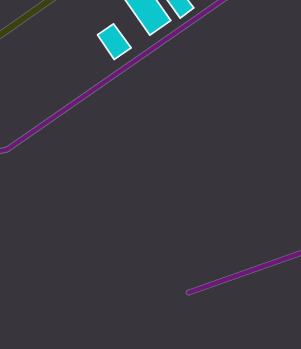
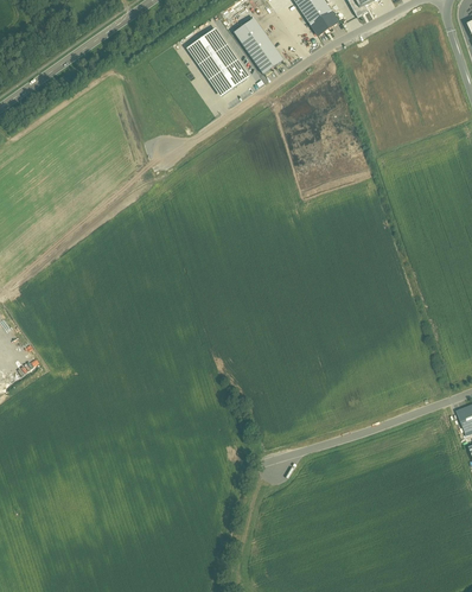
building: [98,24,131,59] -> none

